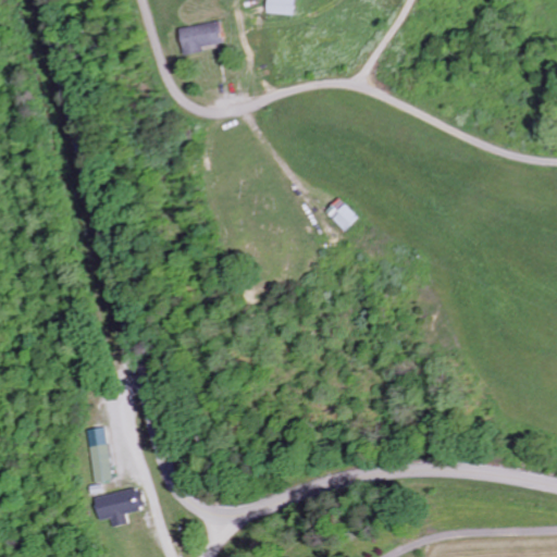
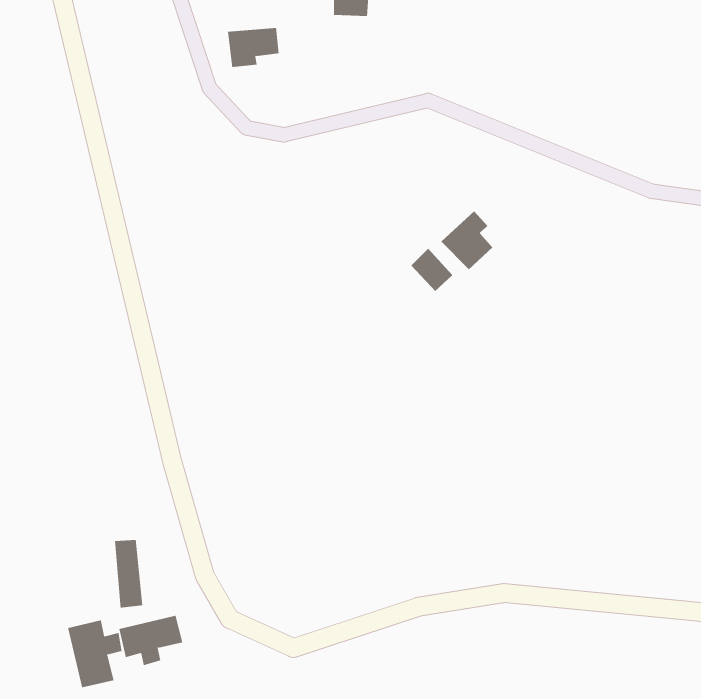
building: none -> [440,211,493,270]
building: none -> [67,620,122,688]

